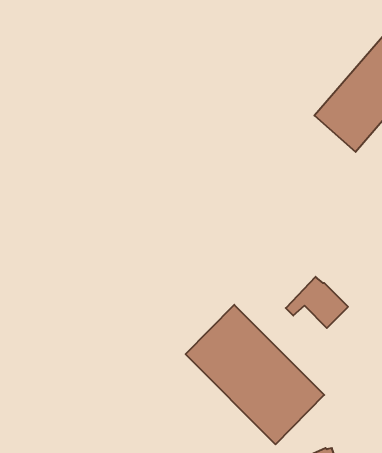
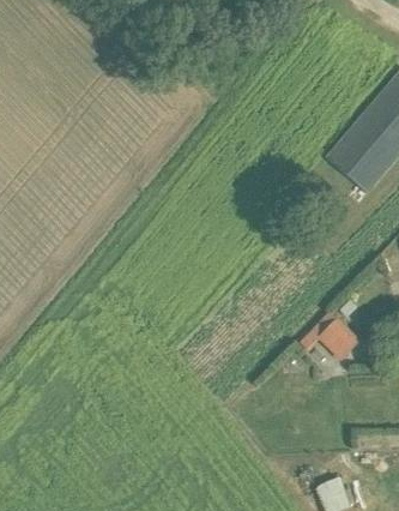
building: [186,305,324,444] -> none

